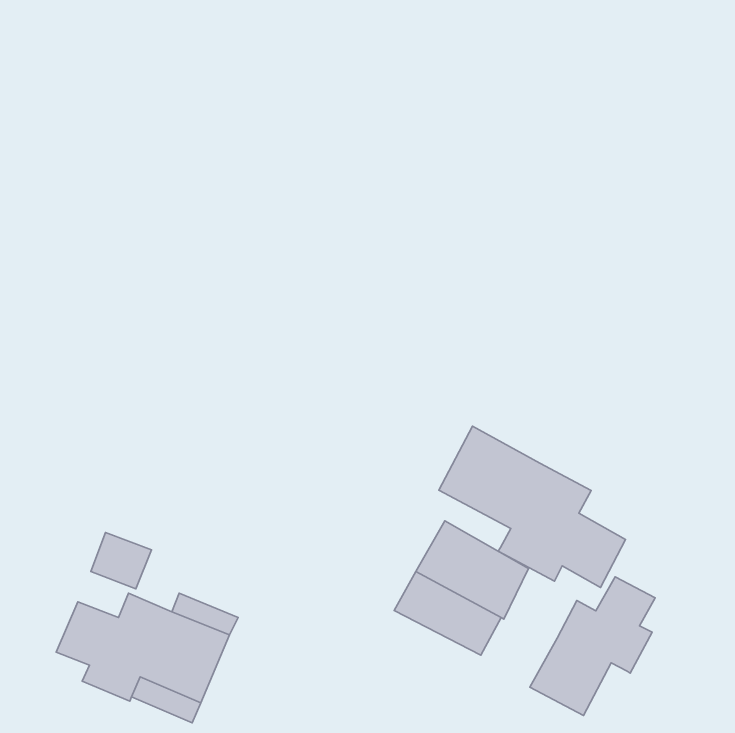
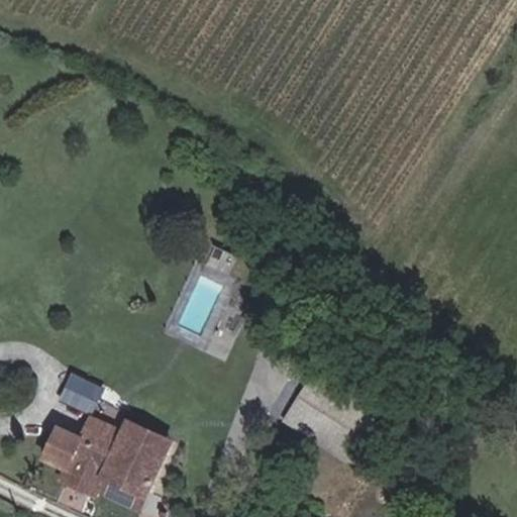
building: [439,426,625,587] -> none
building: [530,577,655,715] -> none

